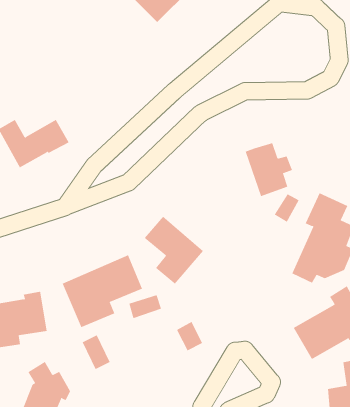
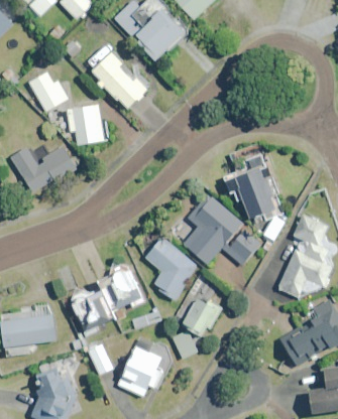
building: none -> [91,51,147,109]
building: none -> [27,72,68,112]
building: none -> [67,104,108,146]
building: none -> [184,195,260,265]
building: none -> [182,295,221,336]
building: none -> [117,335,173,397]

